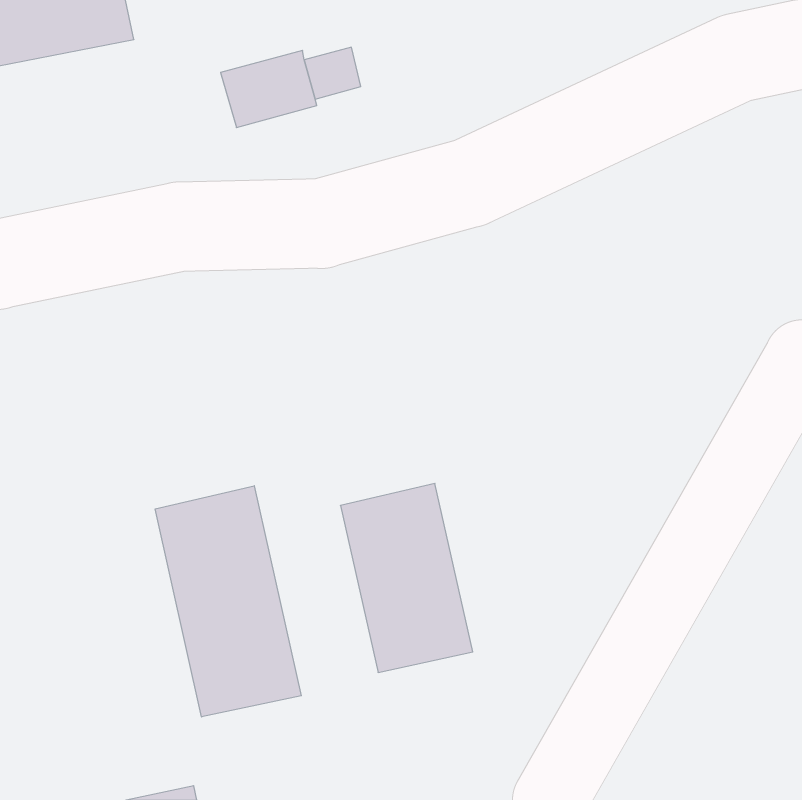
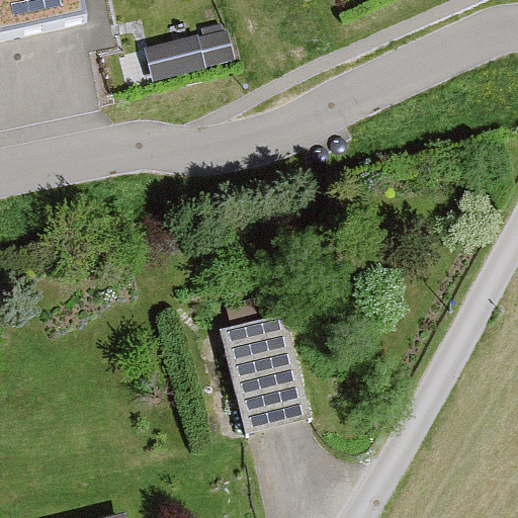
building: [155,486,301,717] -> none

